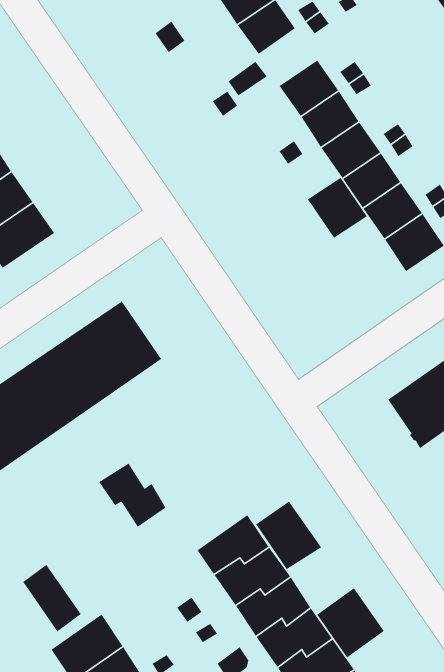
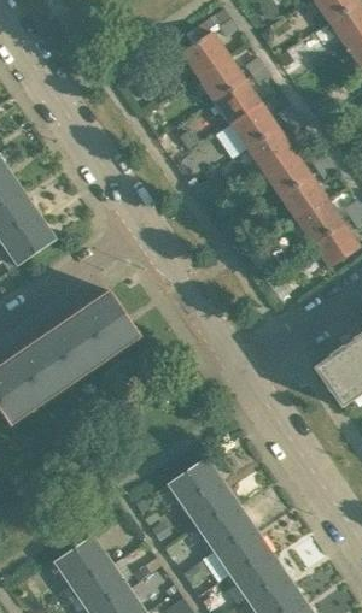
building: none -> [215,79,261,124]
building: [307,177,368,239] -> none
building: [98,462,167,528] -> none
building: [255,500,322,570] -> none
building: [22,564,82,632] -> none
building: [316,587,385,658] -> none

